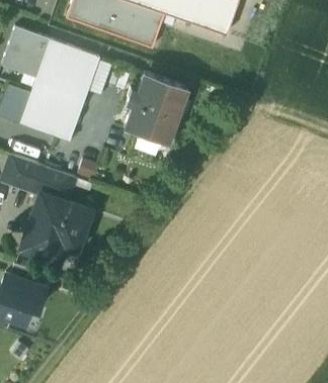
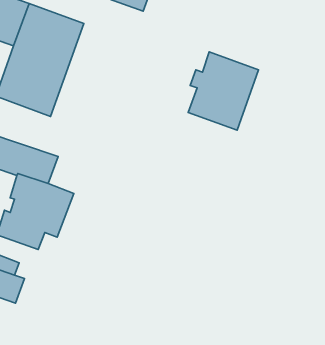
building: [124,73,187,143] -> [188,52,259,130]

